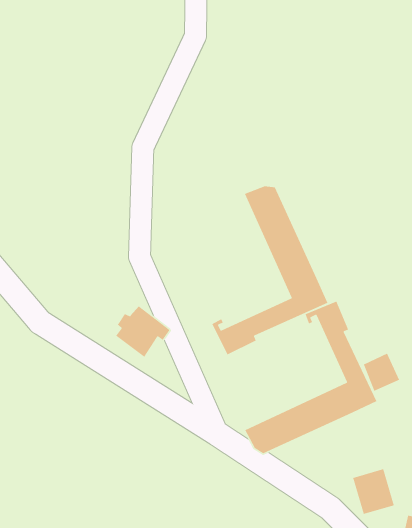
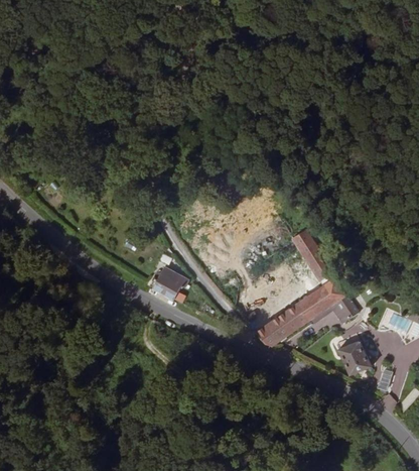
building: [211,185,329,355] -> none
building: [363,353,400,392] -> [330,296,359,325]

